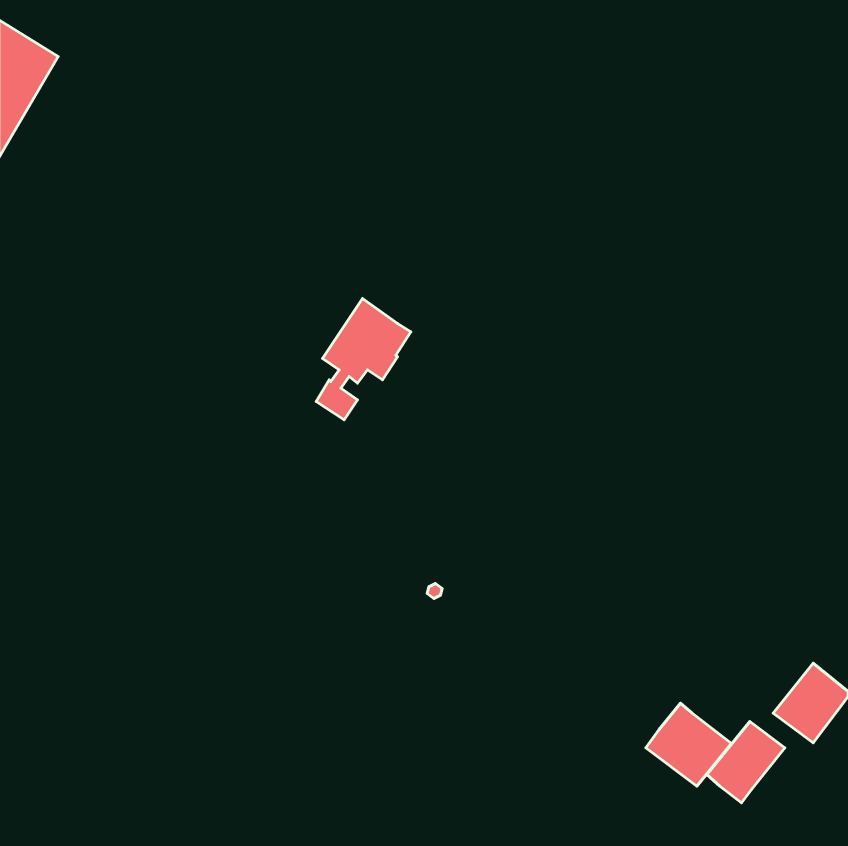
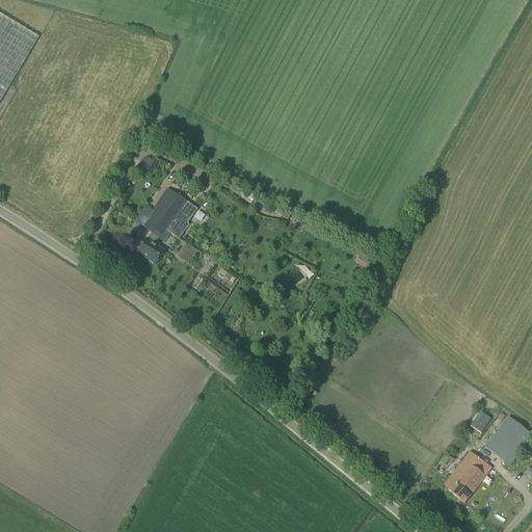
building: [316,299,411,420] -> [137,187,196,263]
building: [646,703,731,786] -> none

